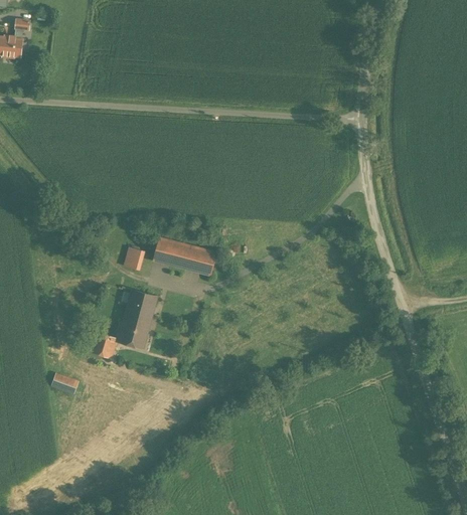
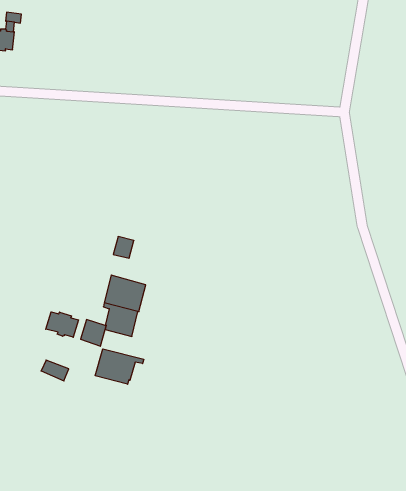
building: [154,237,217,276] -> none
building: none -> [46,312,78,337]
building: none -> [95,349,144,384]

